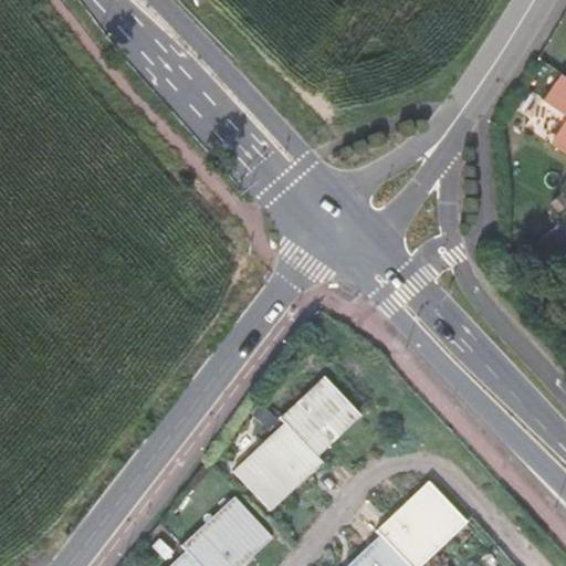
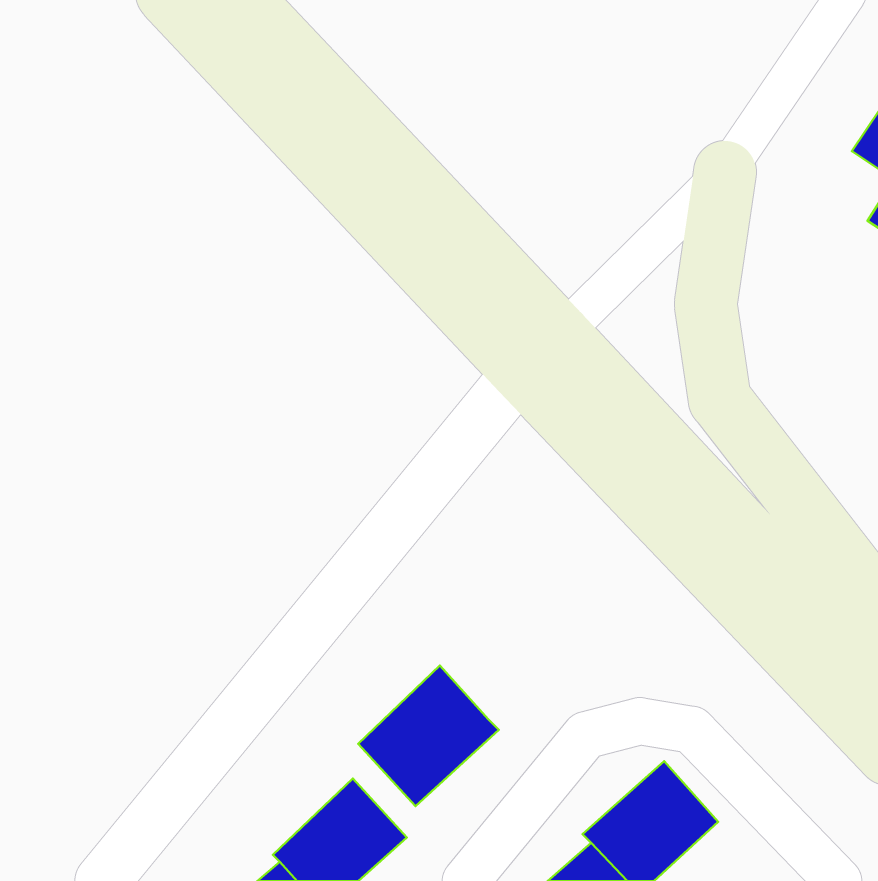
building: [281,376,361,458] -> none

